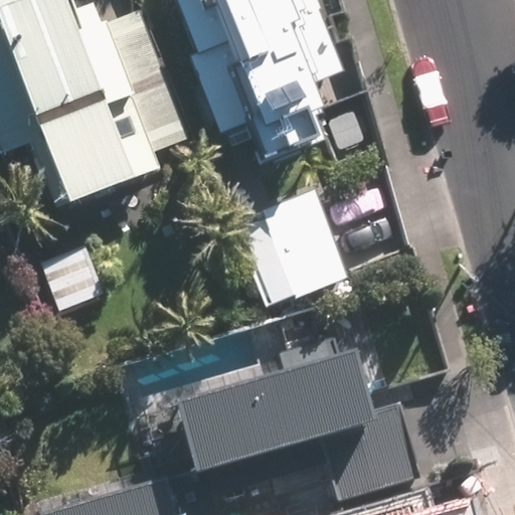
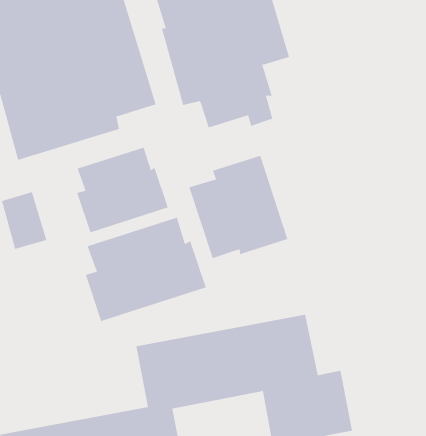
building: none -> [77,147,168,233]
building: none -> [85,217,206,322]

